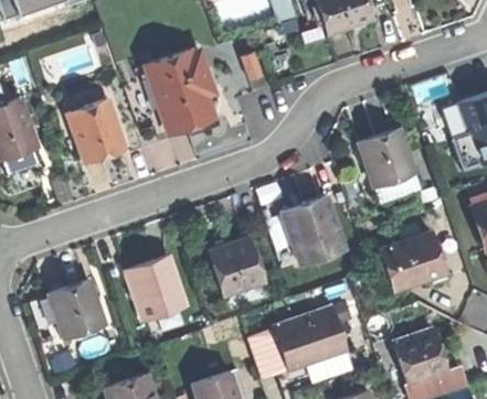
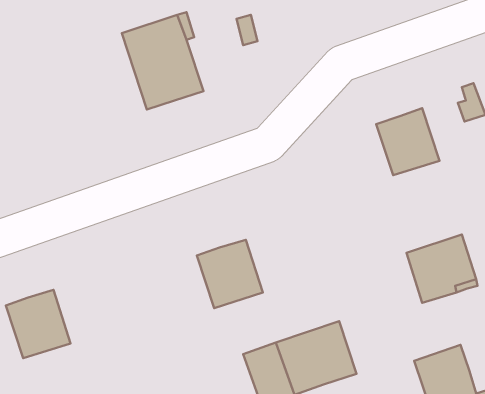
building: [70,97,125,159] -> none
building: [285,195,342,262] -> none
building: [124,255,186,321] -> none

